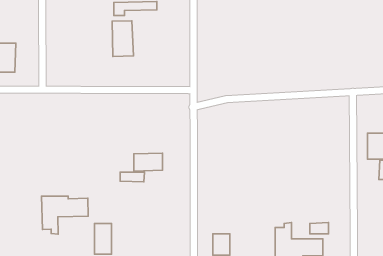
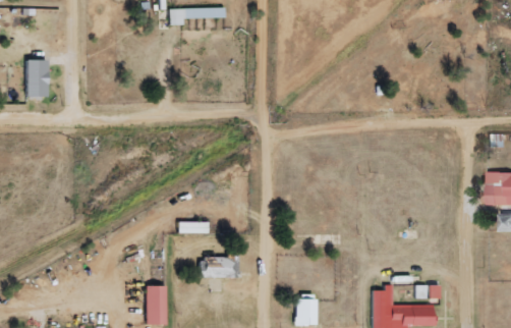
building: [112,21,134,56] -> none
building: [134,153,162,171] -> [203,255,238,277]
building: [42,196,88,234] -> none

